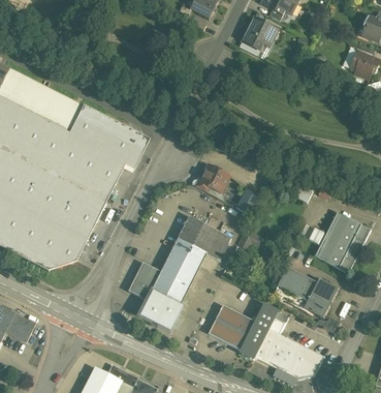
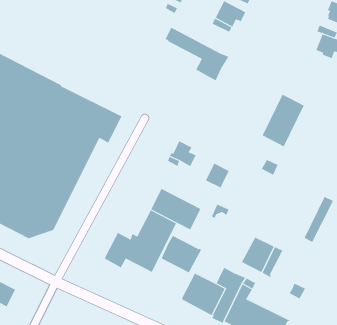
building: none -> [164,27,229,81]
building: [315,211,360,268] -> [262,94,305,147]
building: [304,278,339,318] -> none
building: [138,291,182,331] -> [161,235,202,273]

